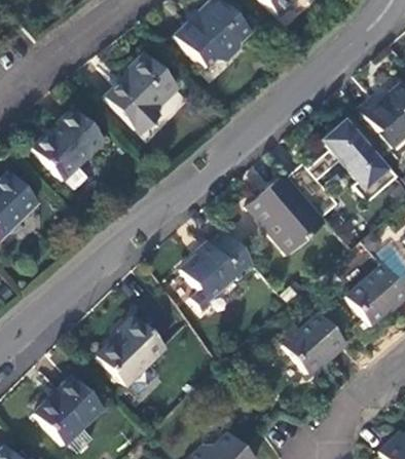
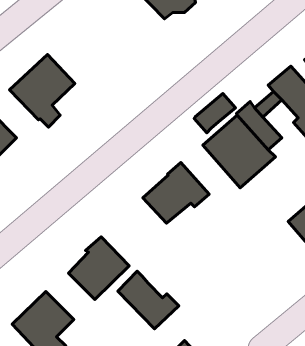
building: [105,51,178,131] -> none
building: none -> [194,93,236,133]
building: [283,311,345,372] -> none
building: none -> [118,271,179,329]

